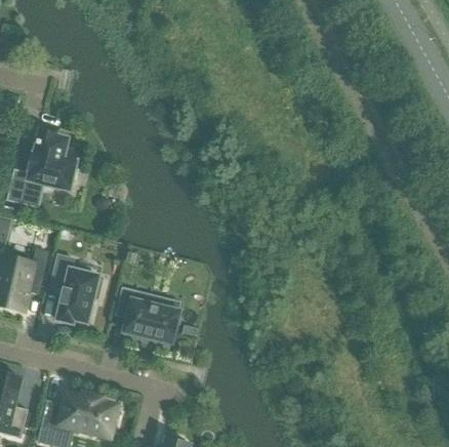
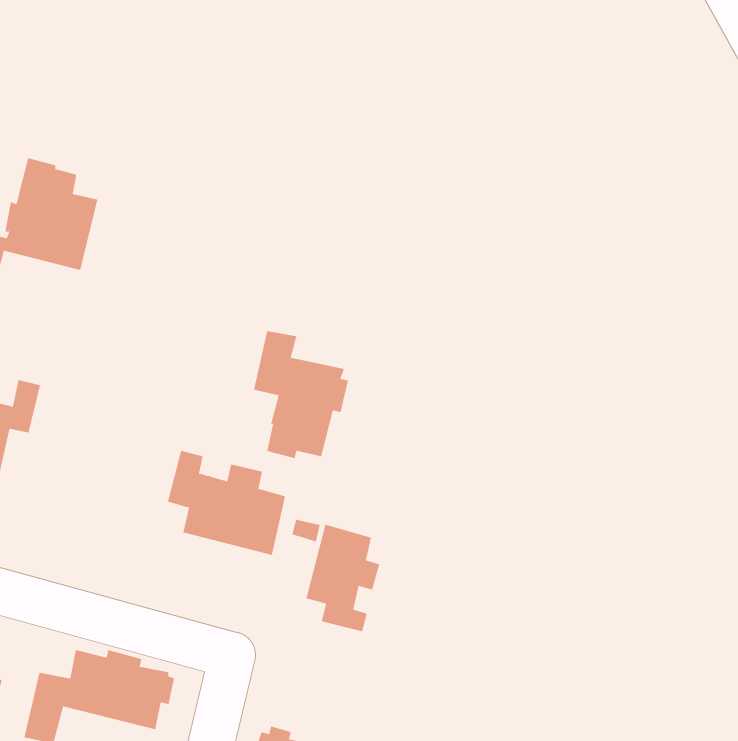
building: [49,254,100,323] -> [253,331,349,459]
building: none -> [306,524,380,632]

